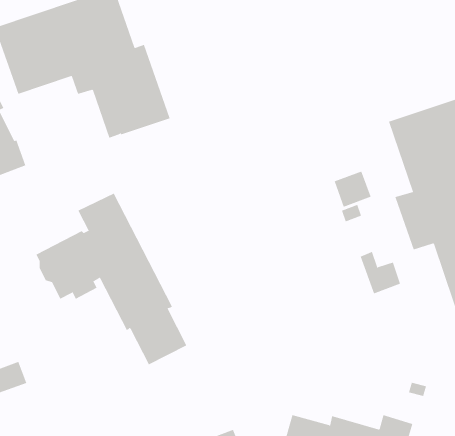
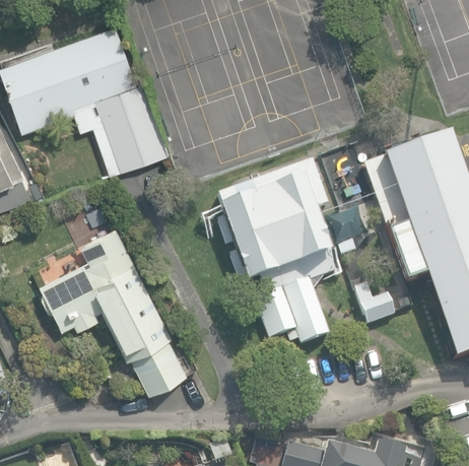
building: none -> [212,161,341,345]

